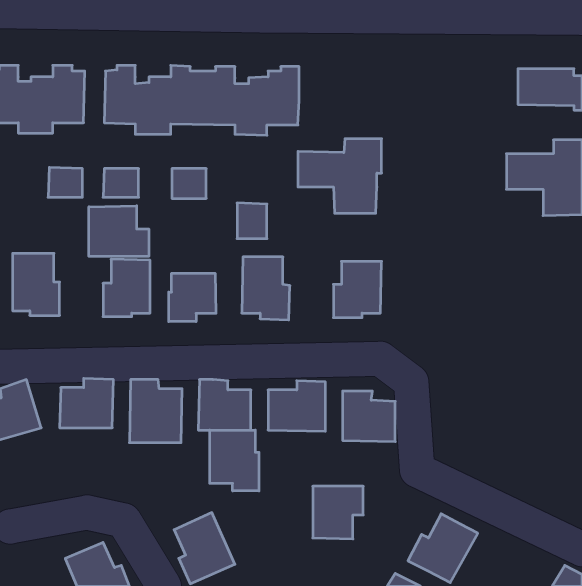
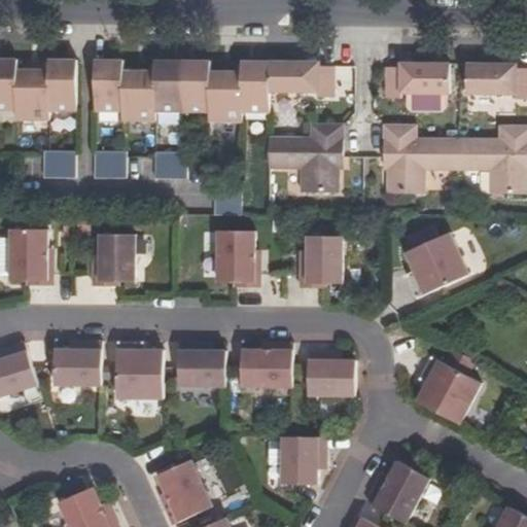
building: none -> [269,60,332,95]
building: none -> [384,61,448,97]
building: none -> [383,125,455,192]
building: [89,206,149,256] -> none
building: none -> [405,234,468,298]
building: [169,273,216,322] -> none
building: none -> [416,350,481,425]
building: [210,430,259,491] -> none

